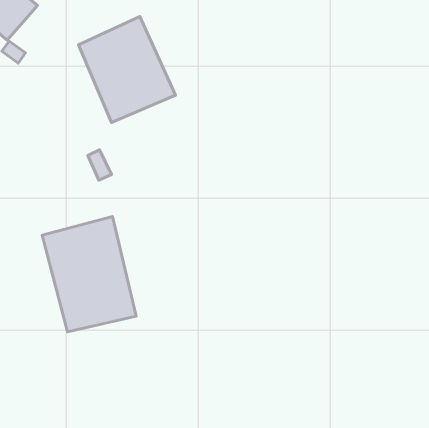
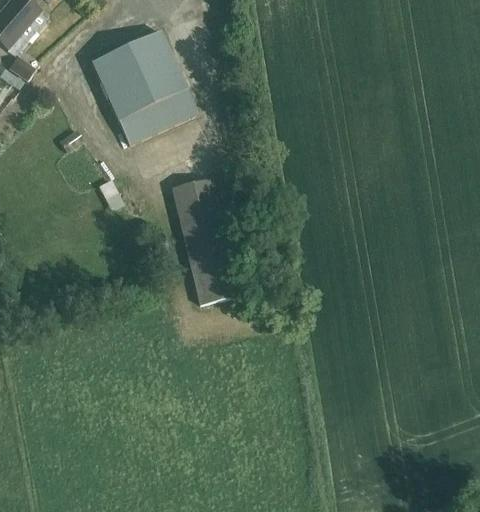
building: none -> [172,178,239,305]
building: [42,217,136,332] -> none

